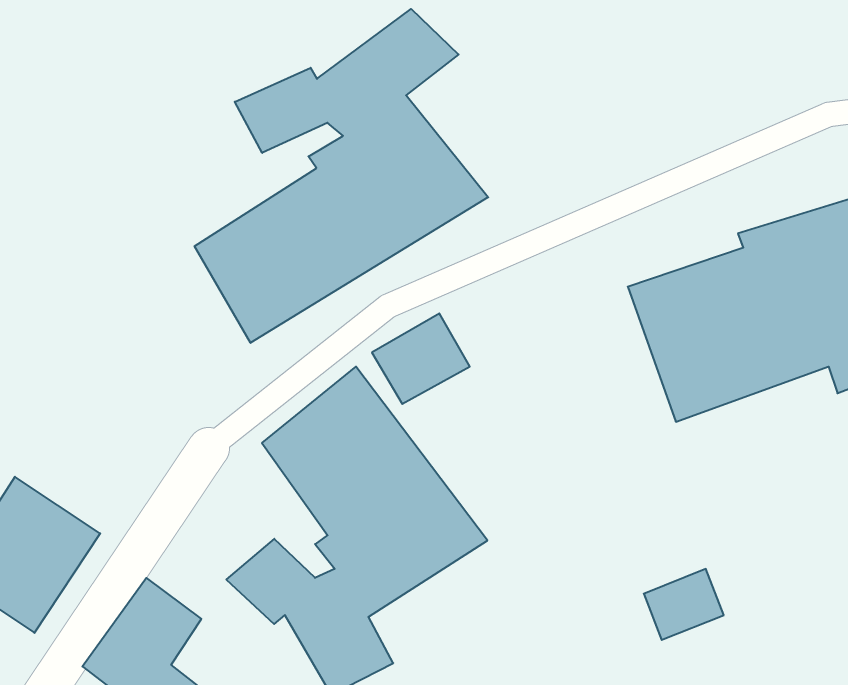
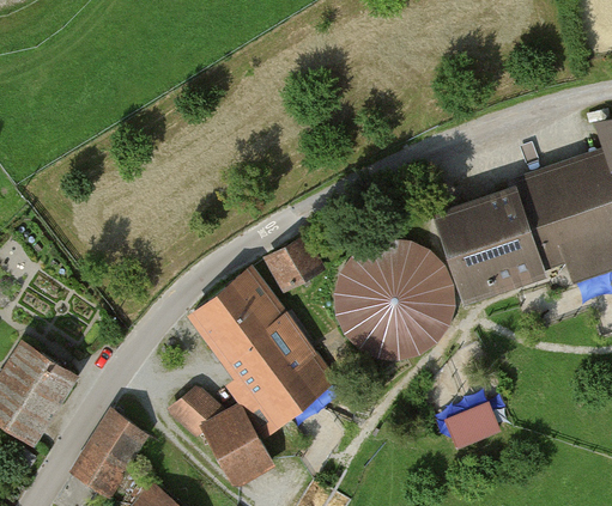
building: [195,9,488,343] -> none
building: none -> [335,240,459,362]

